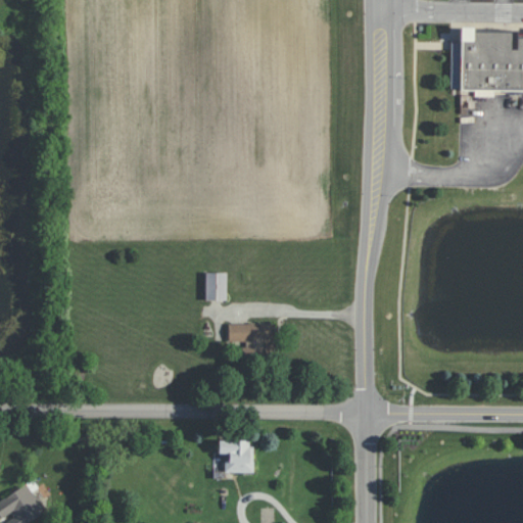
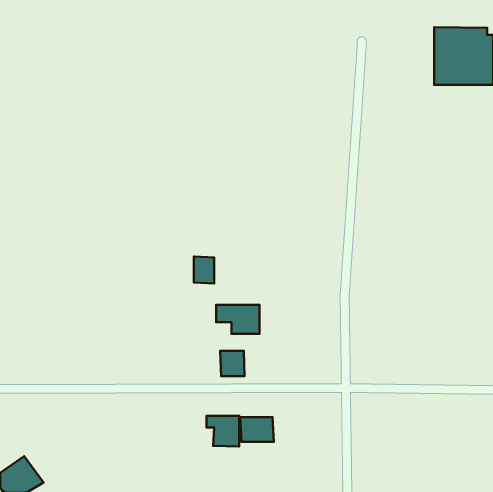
building: none -> [220,351,245,376]
building: none -> [240,417,274,442]

